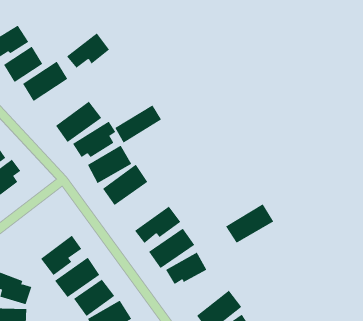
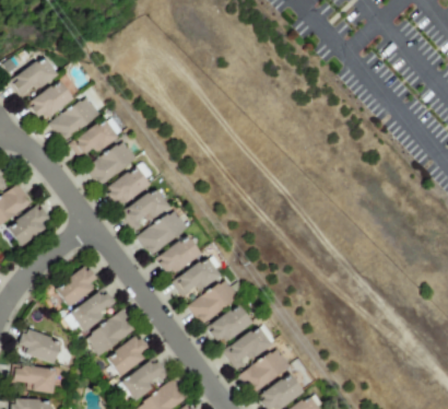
building: [66,33,110,69] -> [70,118,118,157]
building: [115,105,162,144] -> none
building: none -> [156,236,201,276]
building: [225,204,274,244] -> [223,324,276,367]
building: none -> [55,267,98,307]

